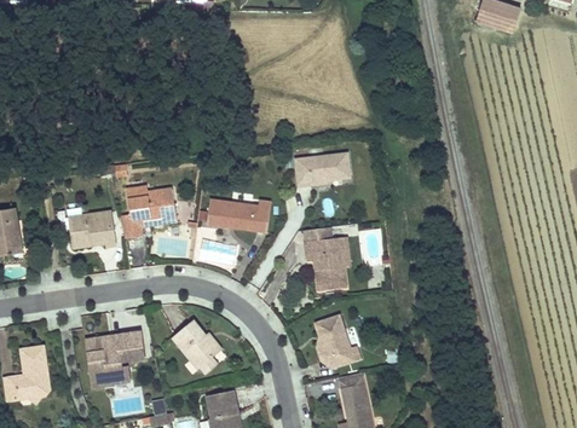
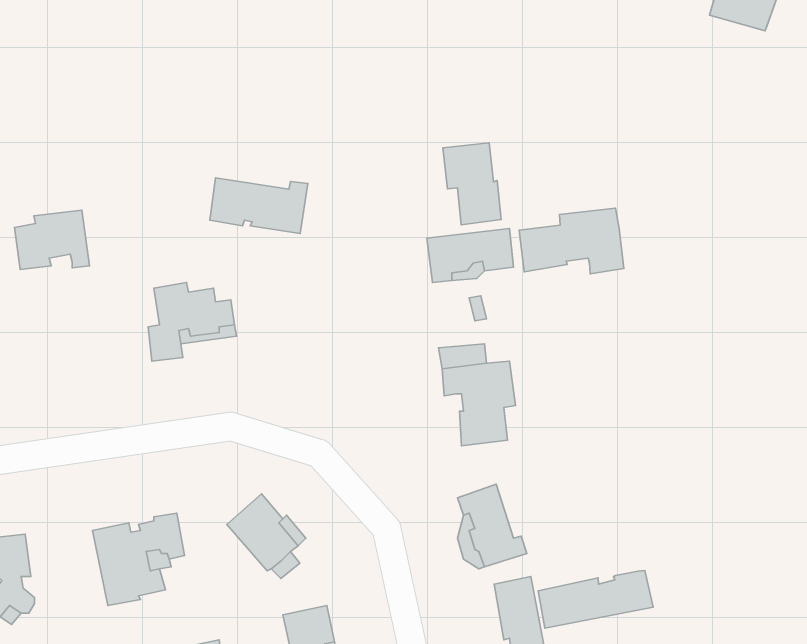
building: none -> [443,143,501,225]
building: none -> [519,208,624,274]
building: [208,197,270,232] -> [210,178,308,233]
building: [67,210,114,248] -> [14,210,89,270]
building: none -> [538,571,653,628]

